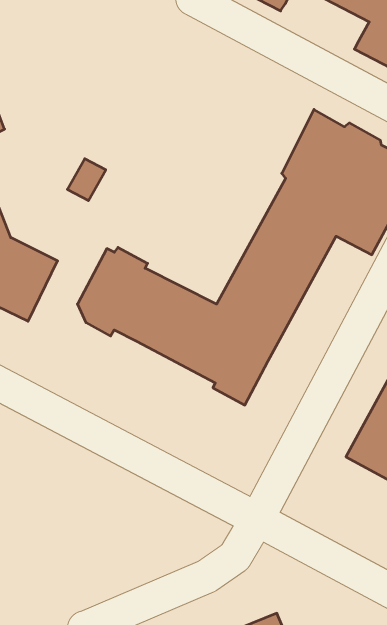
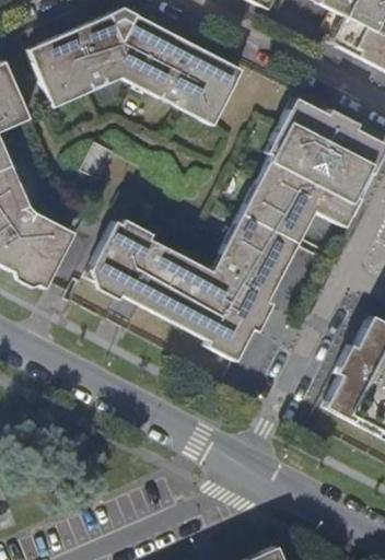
building: none -> [27,7,243,125]

